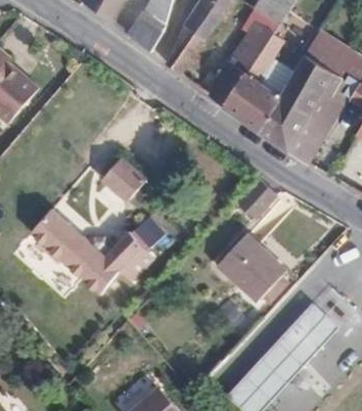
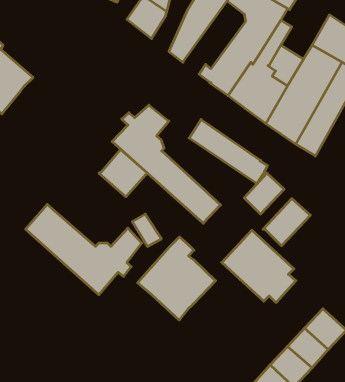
building: none -> [112,105,221,223]
building: none -> [189,119,267,184]
building: none -> [263,199,310,246]
building: none -> [138,237,216,320]

